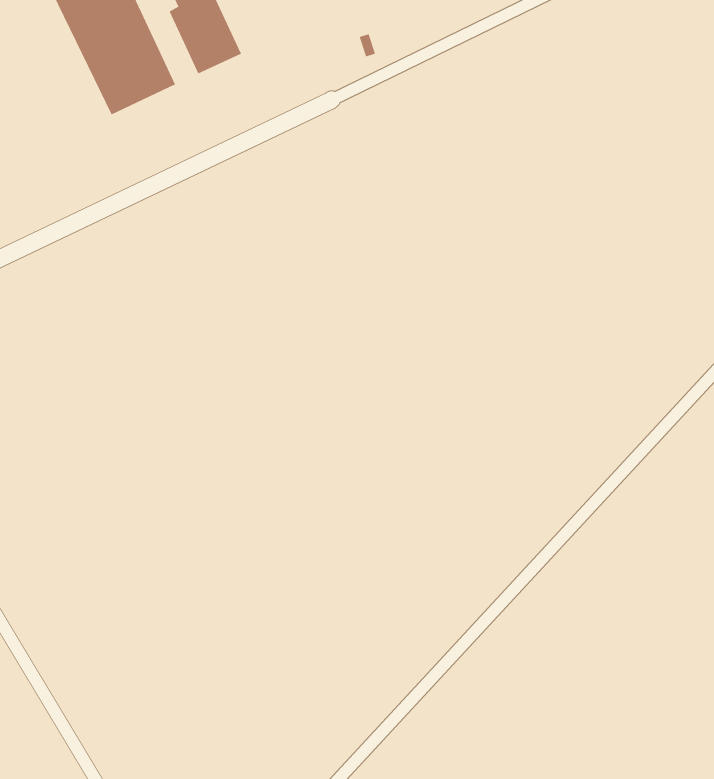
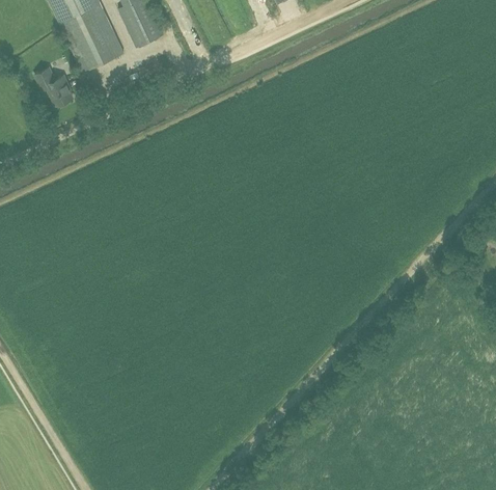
building: none -> [35,67,73,106]

